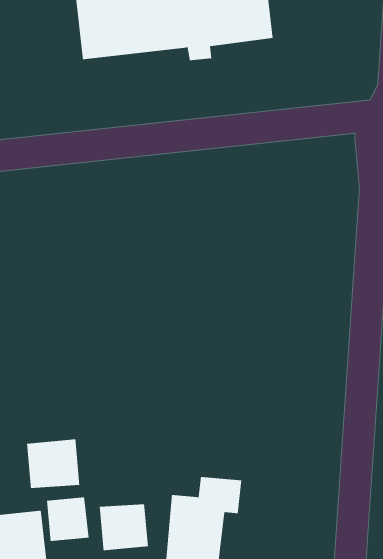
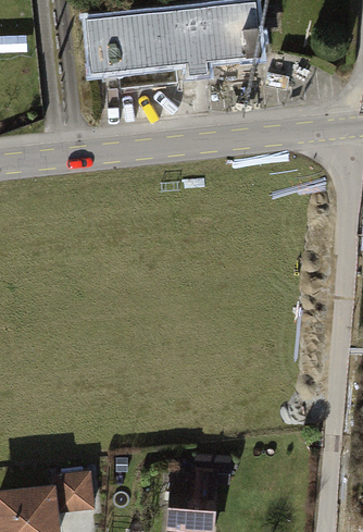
building: [26,439,80,489] -> none
building: [99,503,148,551] -> none

